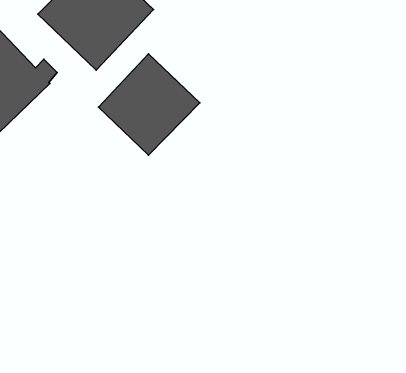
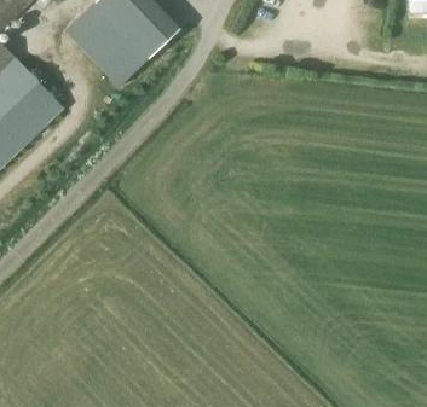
building: [99,54,200,155] -> none

